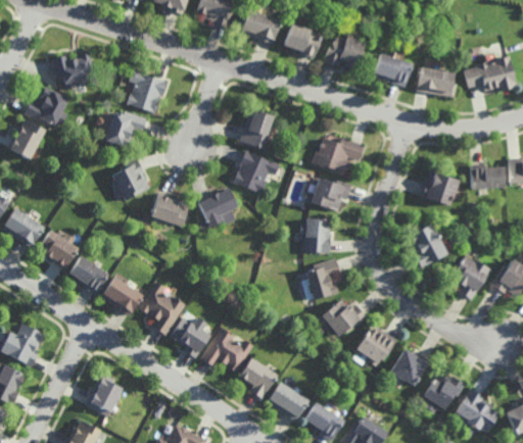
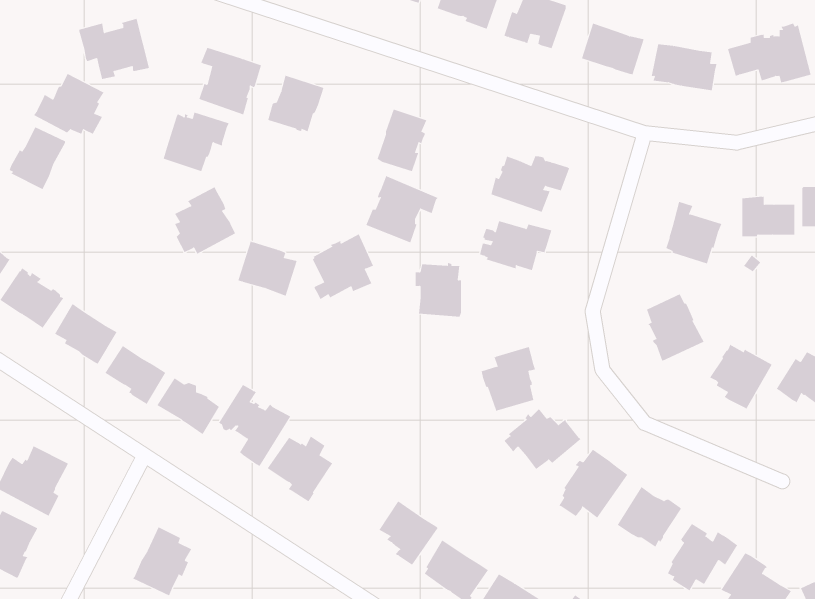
building: none -> [268,75,324,132]
building: [301,217,331,252] -> [415,262,462,317]
building: [202,325,255,371] -> none

